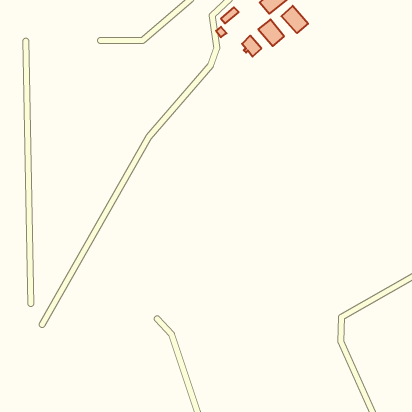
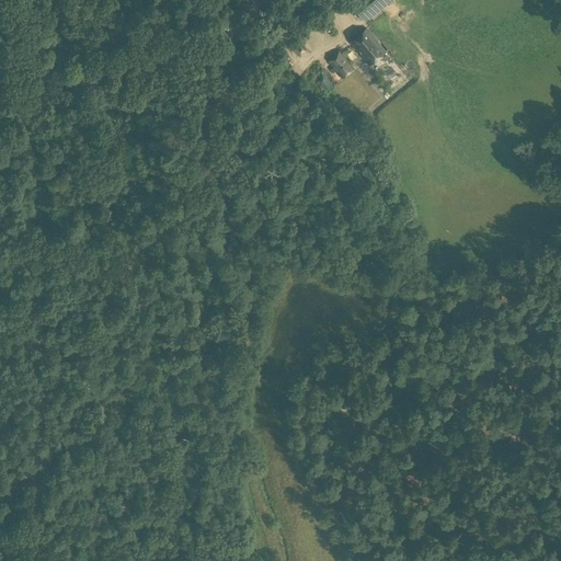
building: [281,6,308,33] -> none

